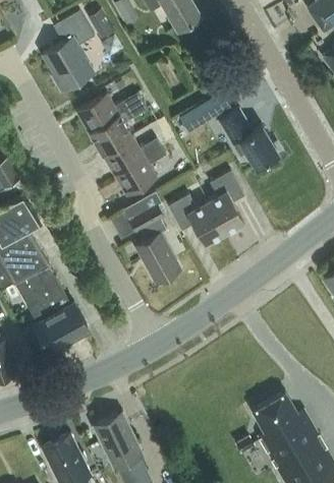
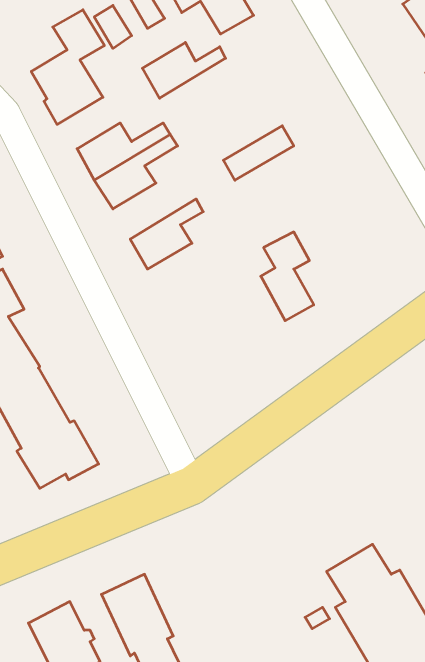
building: [218,108,279,167] -> none
building: [101,135,160,175] -> [142,42,226,98]
building: [122,191,178,283] -> none
building: [166,193,223,244] -> none

